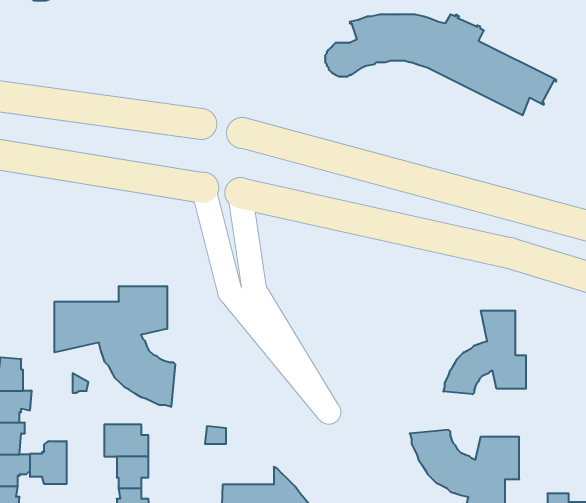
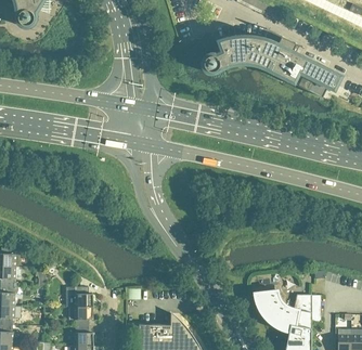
building: [55,286,175,407] -> none
building: [443,311,526,394] -> none
building: [30,441,67,484] -> none

